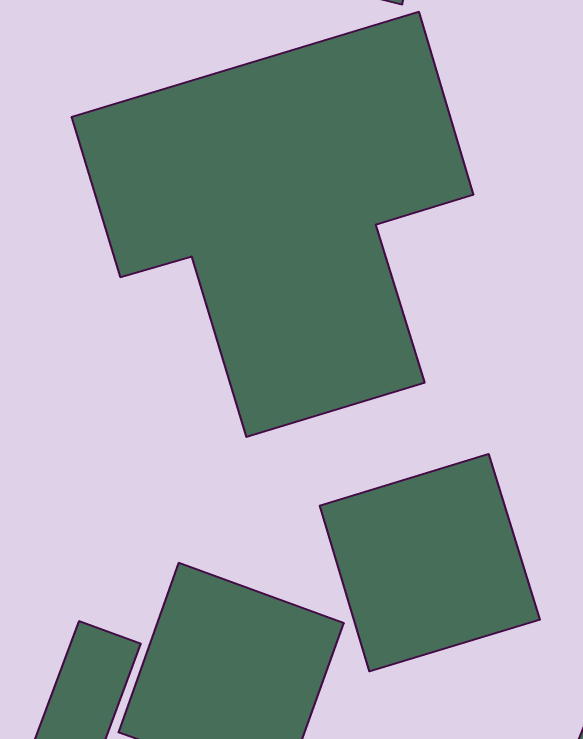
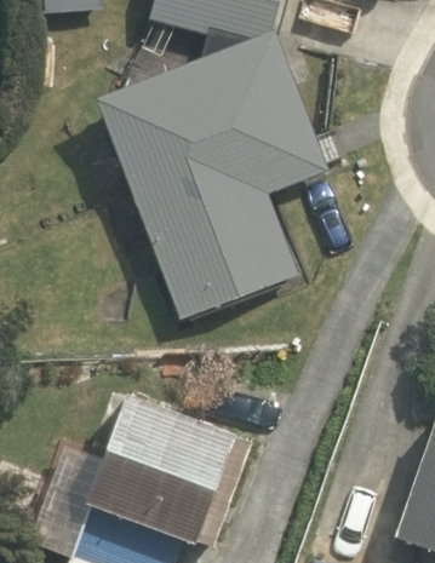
building: [320,454,540,671] -> none

